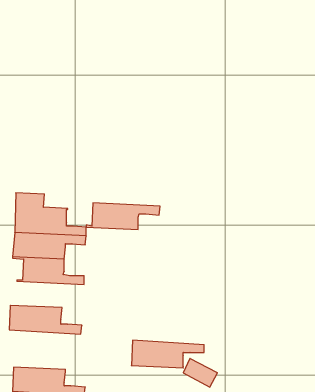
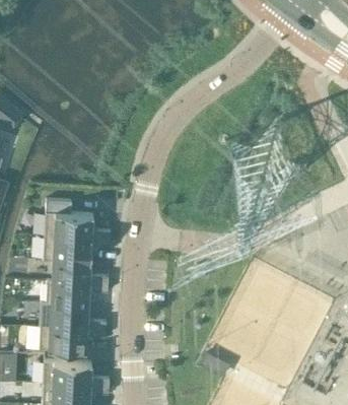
building: [86,203,160,229] -> [41,283,109,308]
building: [131,340,204,368] -> [39,328,106,353]

